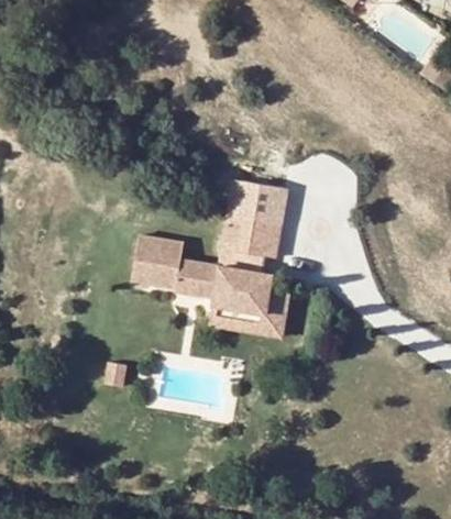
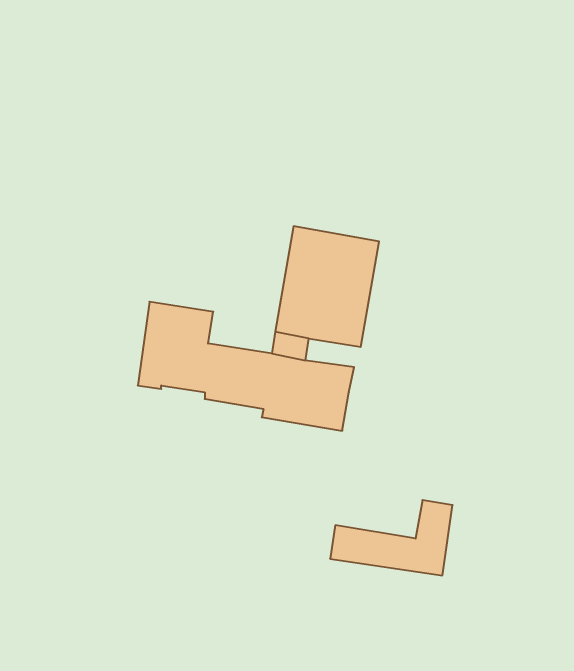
building: [209,289,289,339] -> [330,500,453,575]

